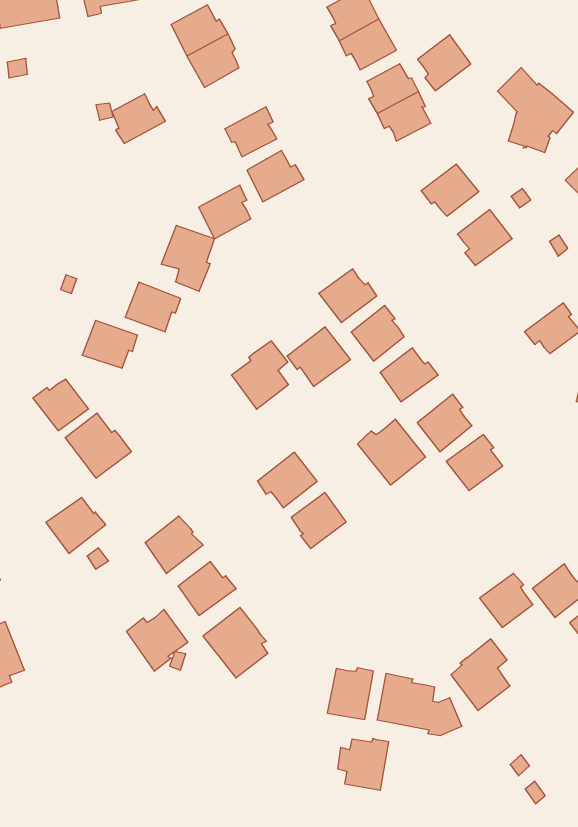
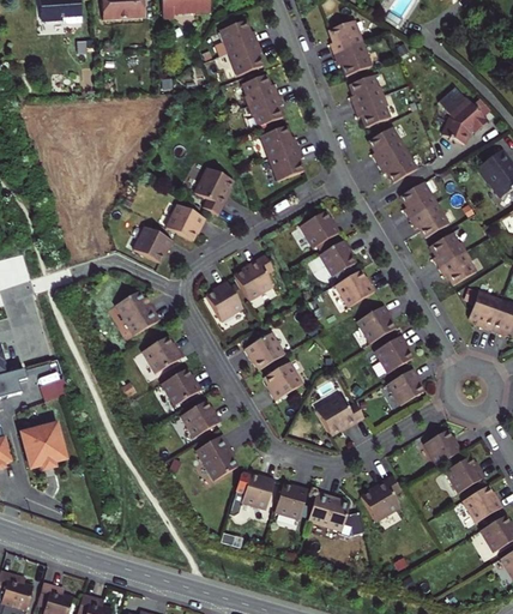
building: [418,35,471,91] -> [368,126,404,163]
building: [112,94,165,143] -> [242,73,278,106]
building: [199,185,251,239] -> [268,146,303,181]
building: none -> [409,203,448,237]
building: none -> [429,231,466,267]
building: [287,327,350,387] -> none
building: [33,379,88,431] -> none
building: none -> [205,279,242,320]
building: [358,419,426,485] -> none
building: [46,498,106,553] -> [141,336,182,373]
building: none -> [316,396,363,435]
building: [480,573,533,627] -> [387,368,423,404]
building: [127,609,188,671] -> none
building: [338,738,389,790] -> [237,474,274,511]

